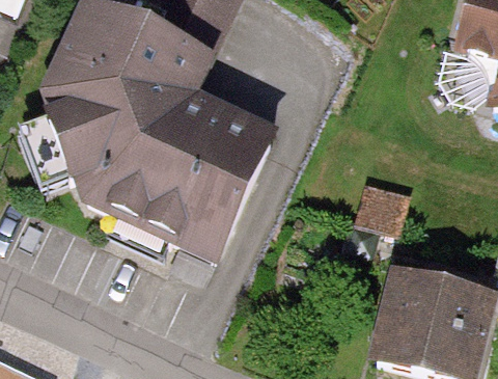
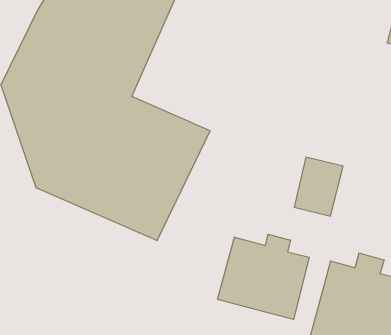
building: none -> [218,234,309,319]

